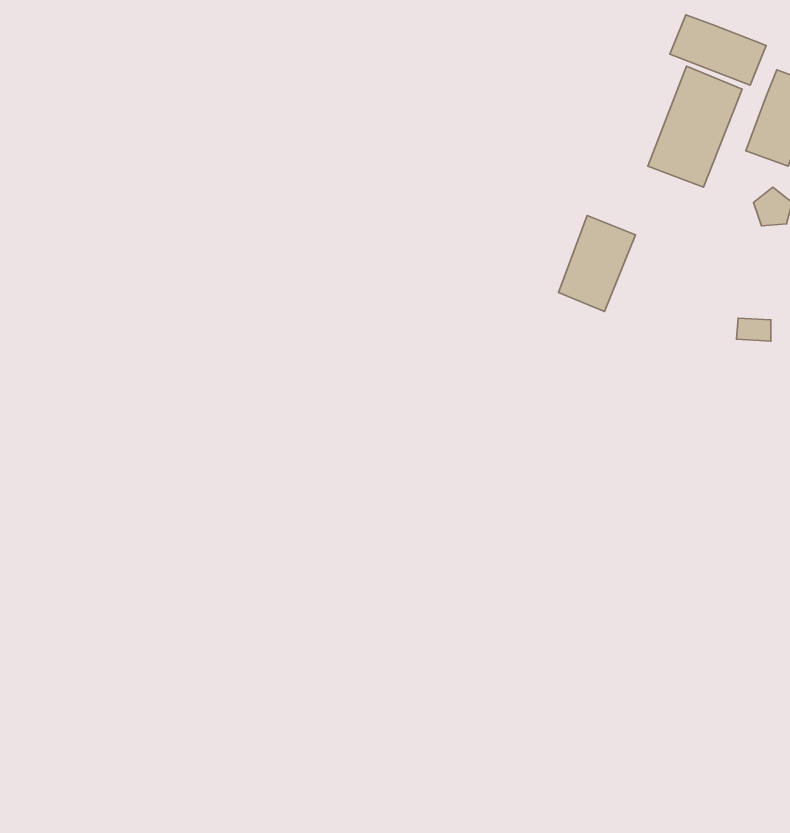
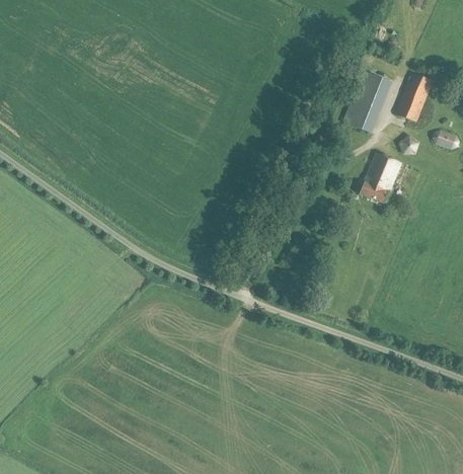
building: [670,15,766,85] -> none
building: [558,215,635,312] -> [360,152,400,203]

